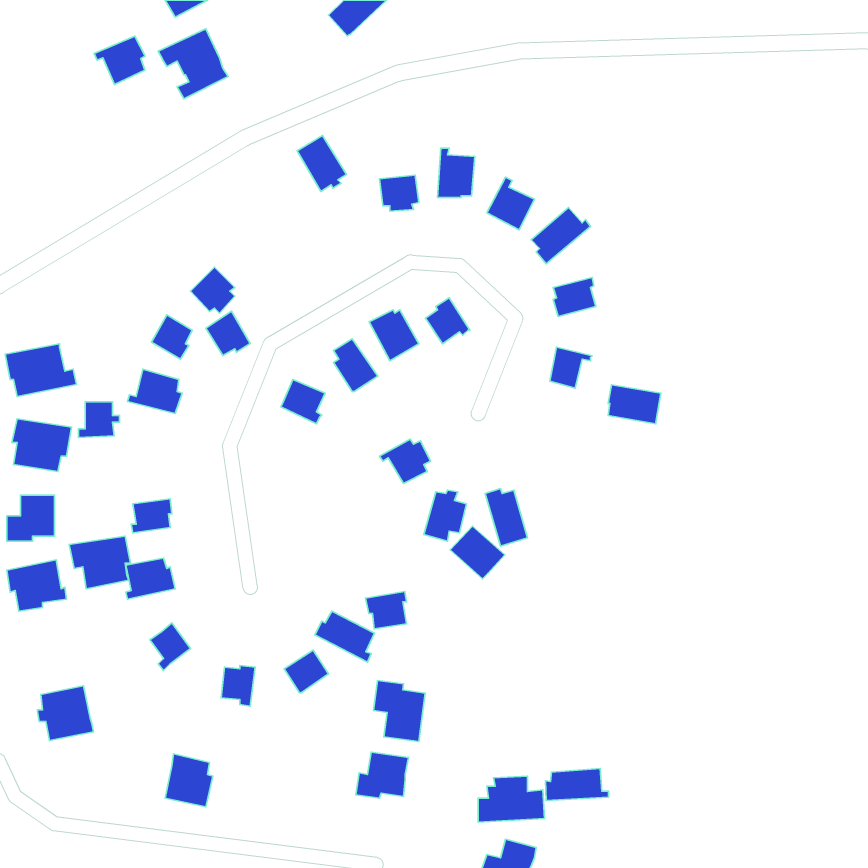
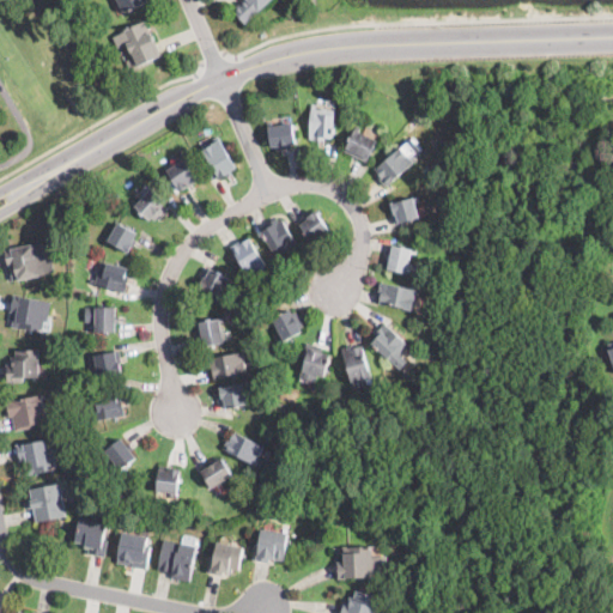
building: [94,36,145,85] -> none
building: [297,135,346,192] -> [201,140,236,180]
building: [206,311,250,356] -> [166,159,198,190]
building: [608,385,661,424] -> [377,284,414,311]
building: [78,402,119,437] -> [90,308,119,333]
building: none -> [194,317,224,345]
building: none -> [207,352,247,380]
building: [450,526,505,579] -> [368,323,406,360]
building: [69,536,130,589] -> [14,439,57,477]
building: [366,591,406,629] -> [218,383,247,409]
building: [373,680,425,741] -> none
building: none -> [74,518,109,558]
building: none -> [158,540,196,582]
building: [546,769,609,800] -> none
building: none -> [206,542,242,576]

